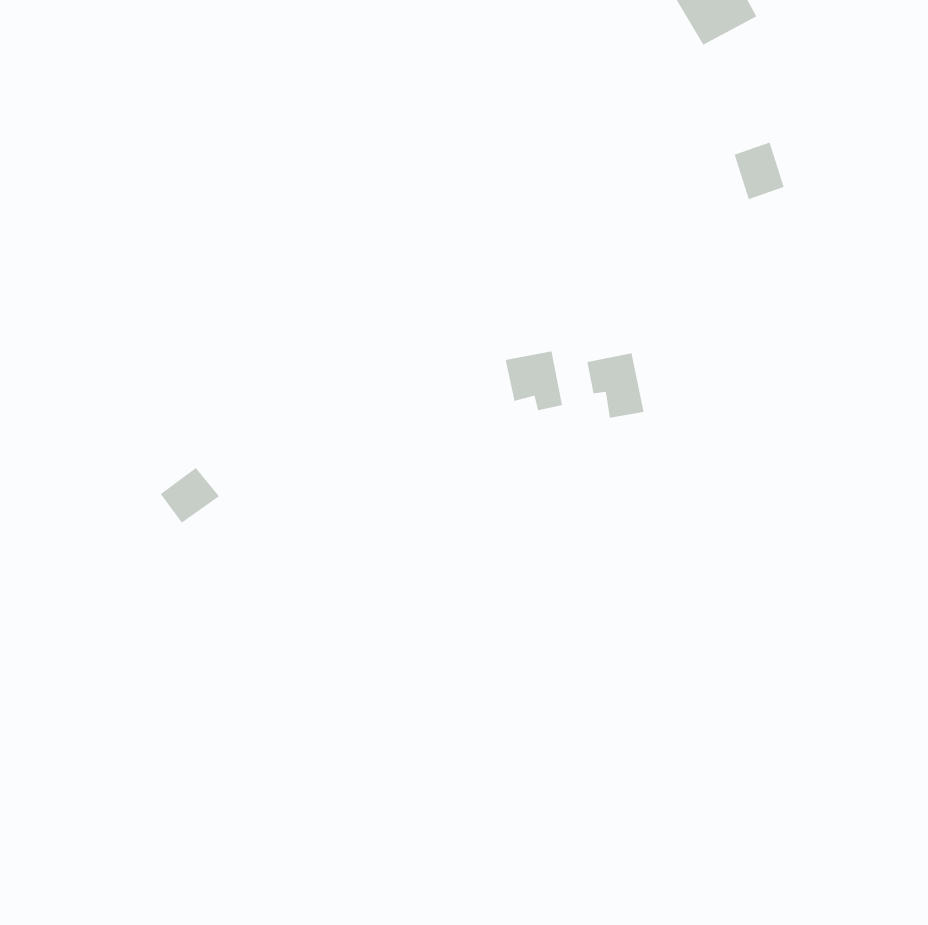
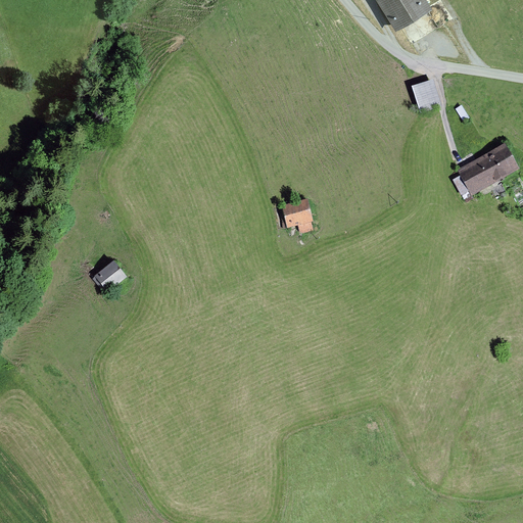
building: none -> [455,146,515,195]
building: [587,353,644,419] -> none

